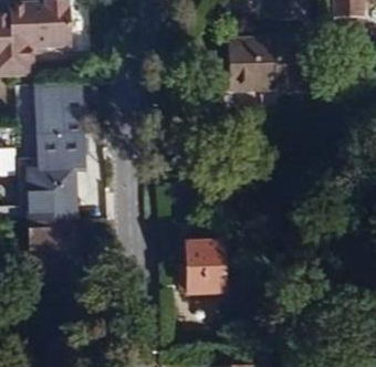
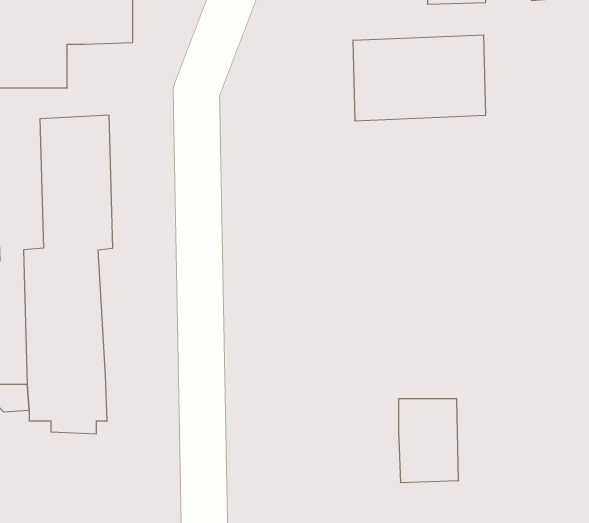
building: [182,242,219,293] -> [399,399,459,482]

